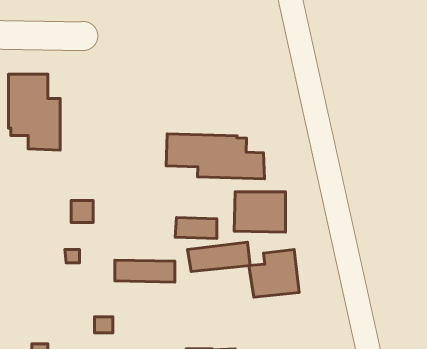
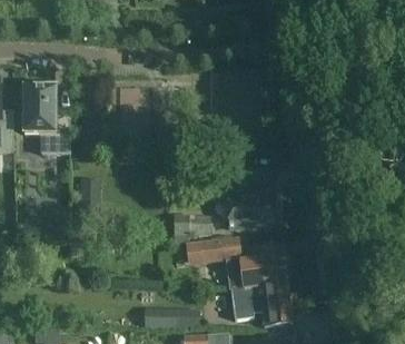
building: [166,134,264,179] -> none
building: [115,260,175,282] -> [144,307,198,327]
building: none -> [229,283,292,325]

